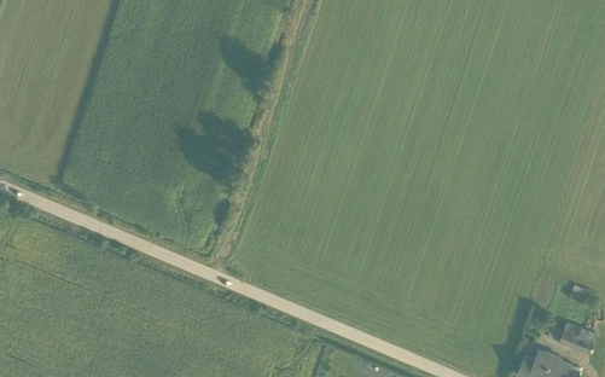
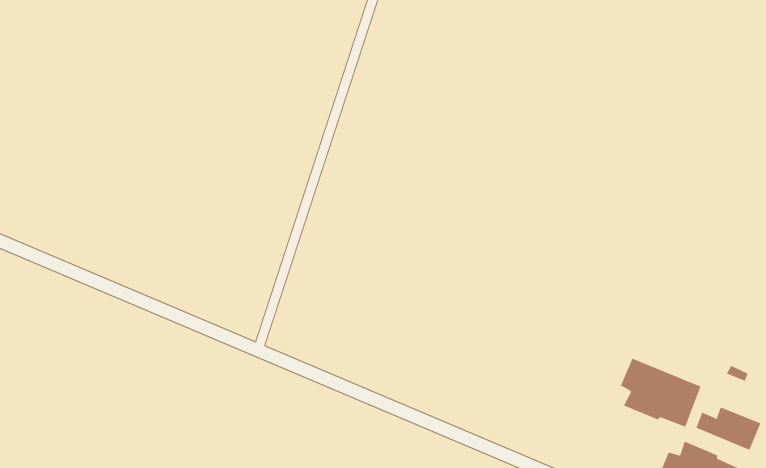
building: none -> [620,358,701,427]

